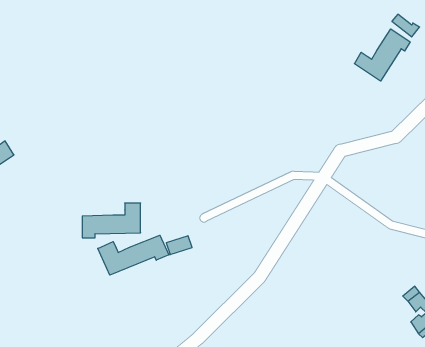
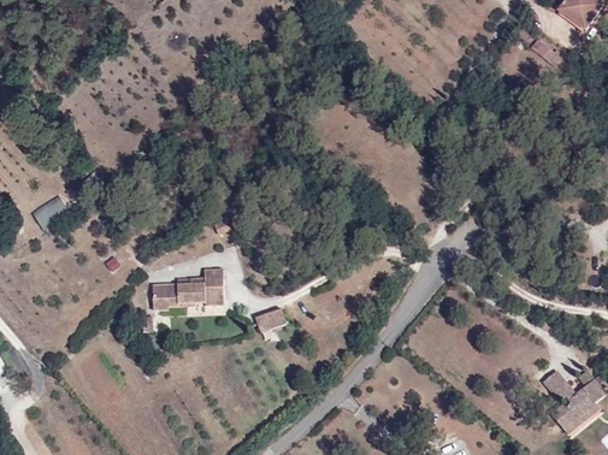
building: [354,29,410,81] -> none
building: [98,235,169,275] -> none

